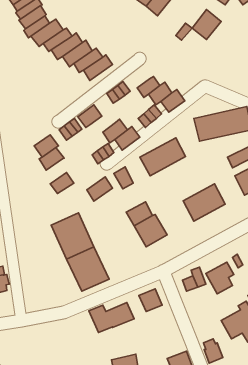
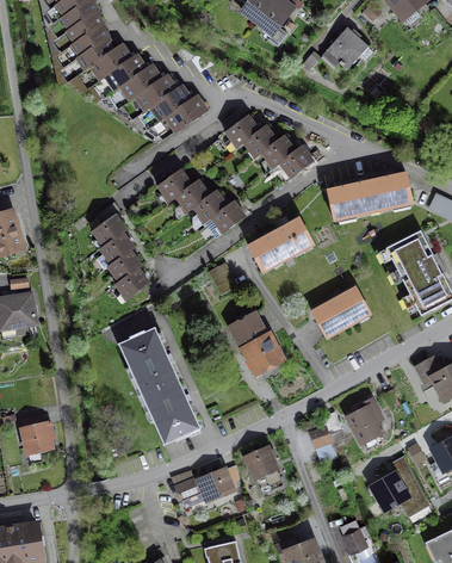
building: none -> [225,116,261,149]
building: none -> [173,180,211,215]
building: [87,177,113,201] -> [105,249,143,285]

